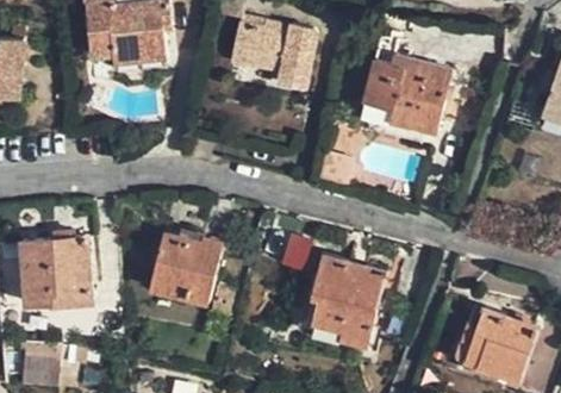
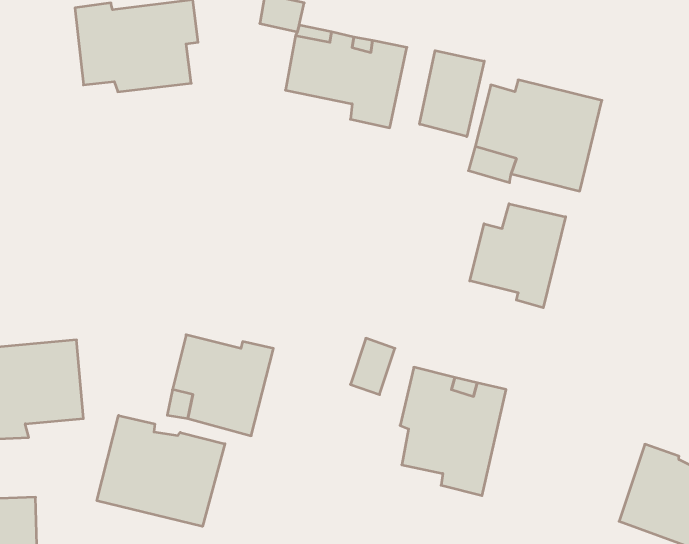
building: none -> [420,51,484,137]
building: none -> [470,204,566,308]
building: none -> [97,415,225,526]

